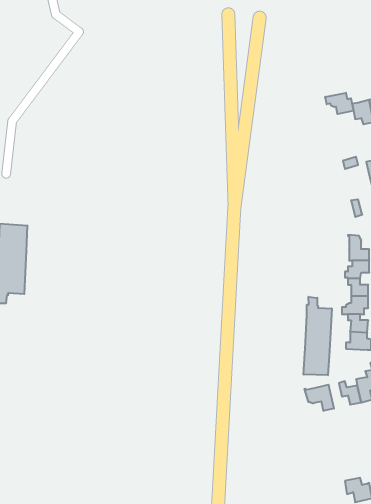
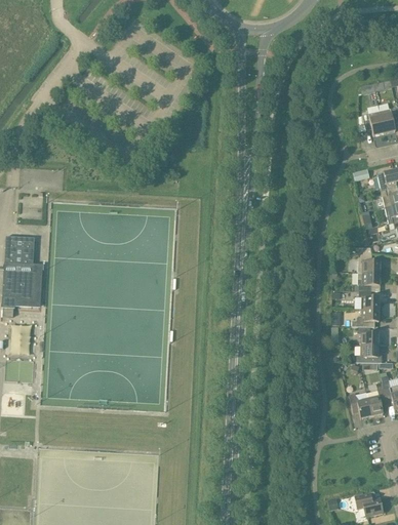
building: [325,93,353,114] -> none
building: [304,297,332,375] -> none
building: [304,385,334,411] -> none

